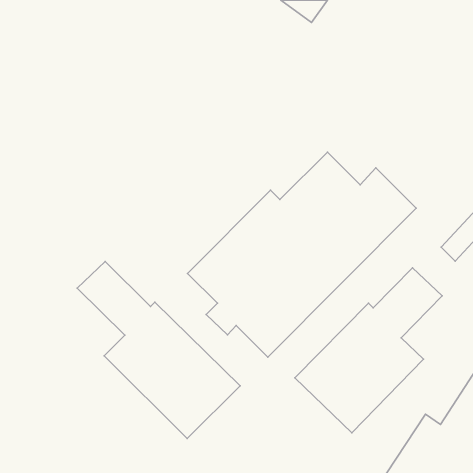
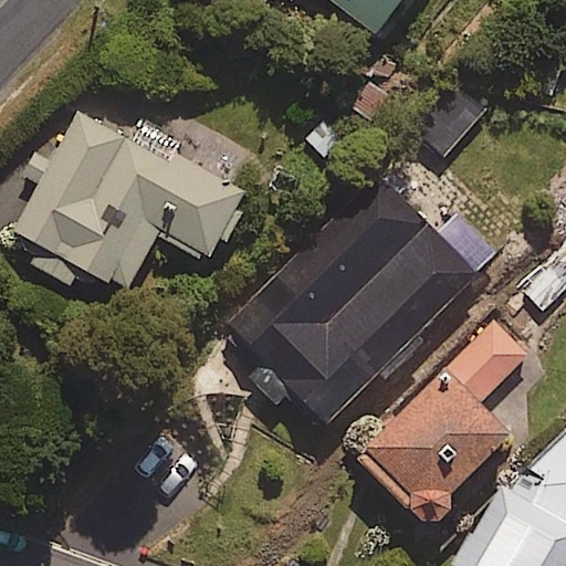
building: none -> [12,99,244,293]
building: [77,261,240,439] -> none

